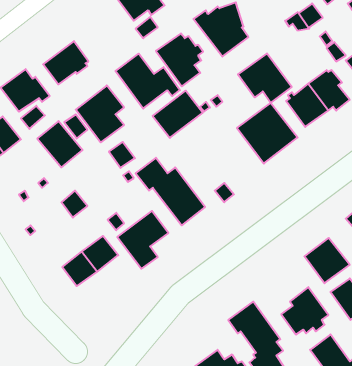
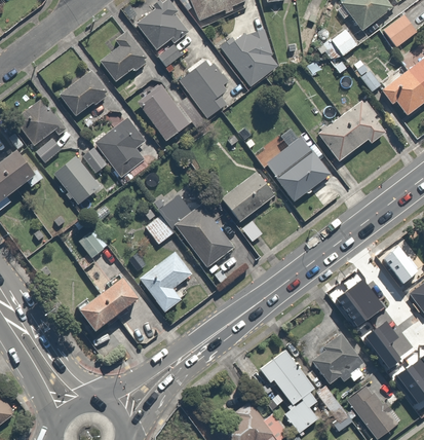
building: none -> [100,31,147,82]
building: [238,53,292,103] -> none
building: [153,91,203,138] -> [222,172,275,222]
building: [109,142,135,168] -> [146,216,174,244]

